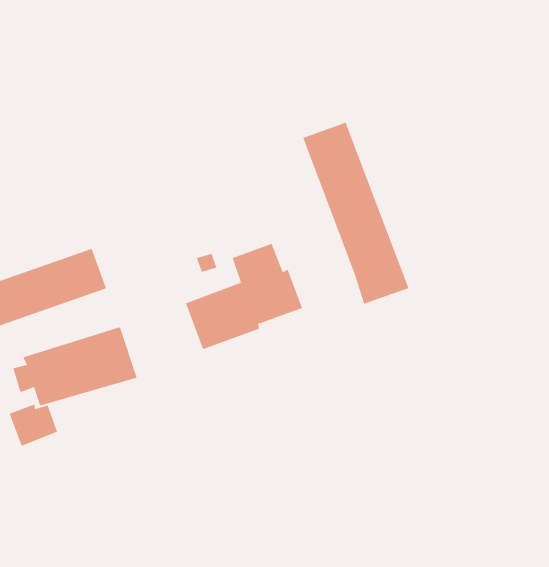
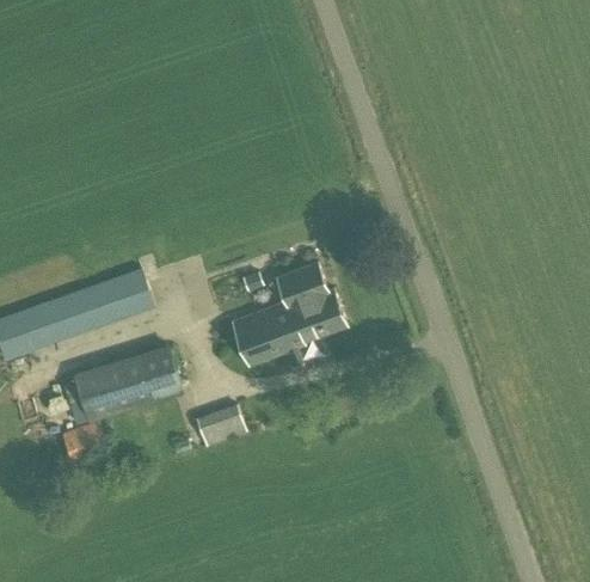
building: [302,122,409,304] -> none
building: none -> [195,405,246,447]

